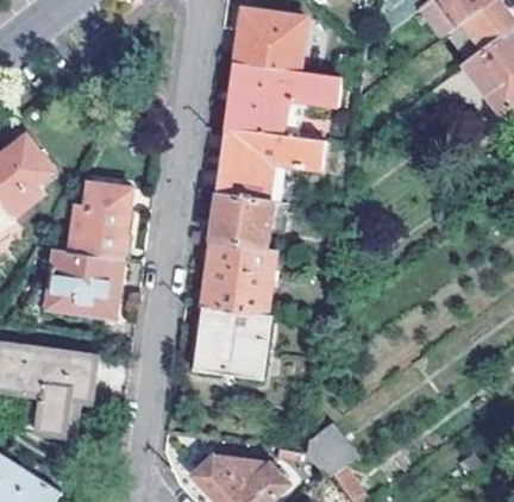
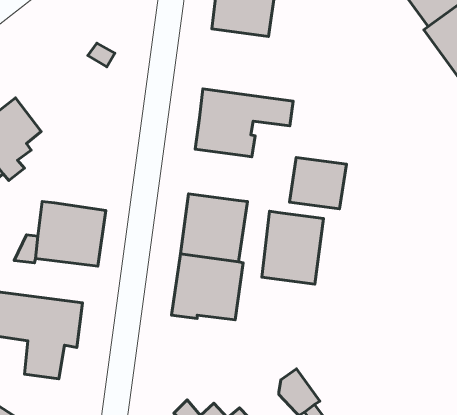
building: [226,62,339,136] -> none
building: [68,181,132,256] -> none
building: [211,190,271,245] -> [289,158,346,209]
building: none -> [262,211,324,284]

